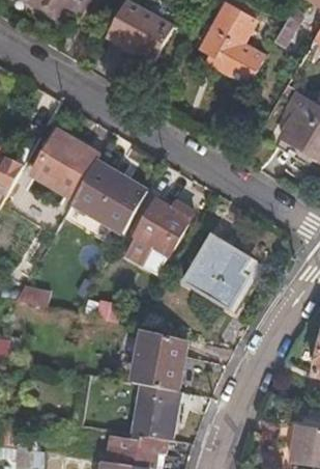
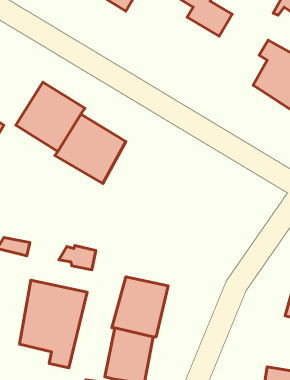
building: [127,198,197,274] -> none
building: [179,237,252,308] -> none
building: none -> [19,280,87,368]

